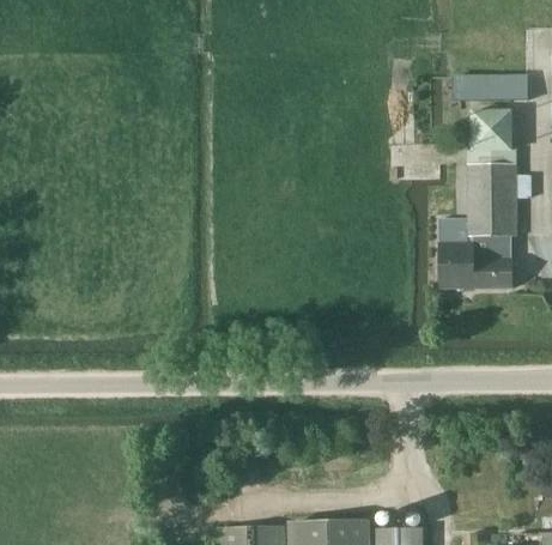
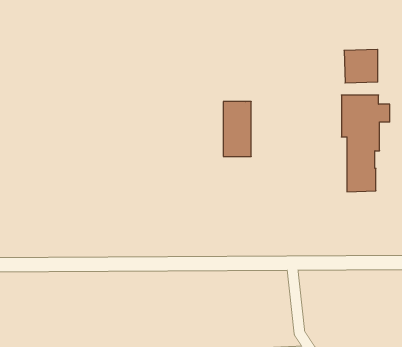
building: [453,75,532,101] -> none
building: [438,220,474,291] -> [223,102,251,156]

